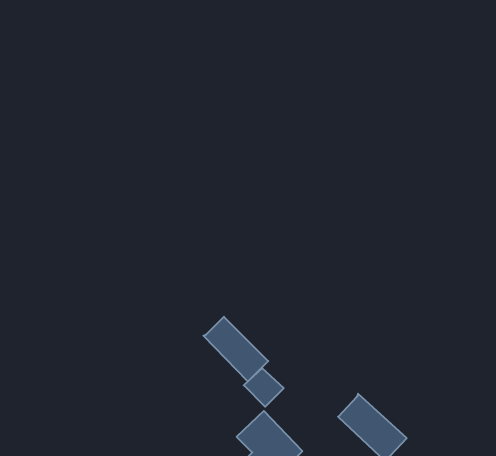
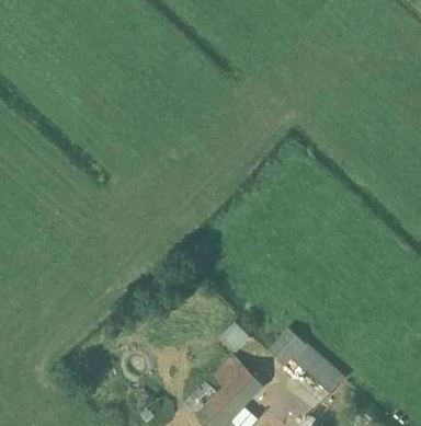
building: [203,317,268,381] -> none
building: none -> [268,329,305,367]

